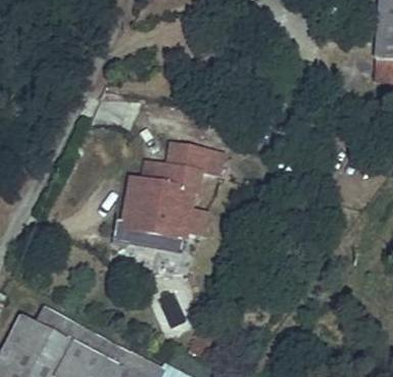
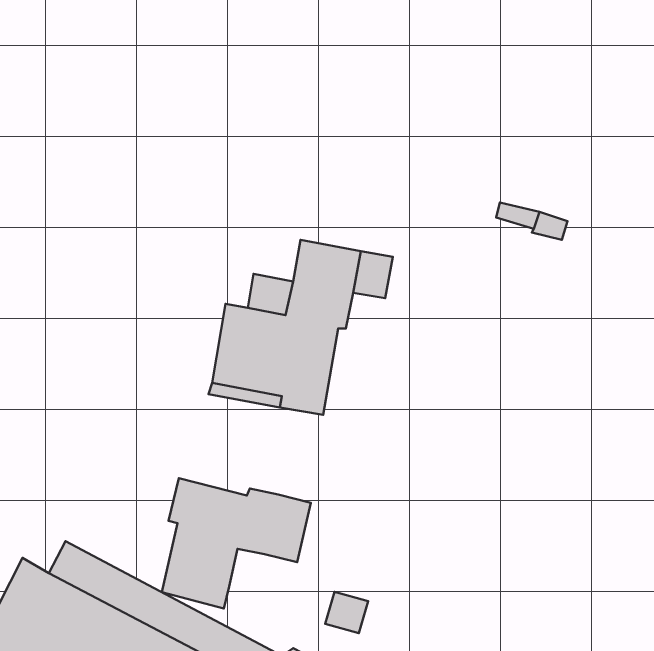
building: none -> [162,478,311,609]

